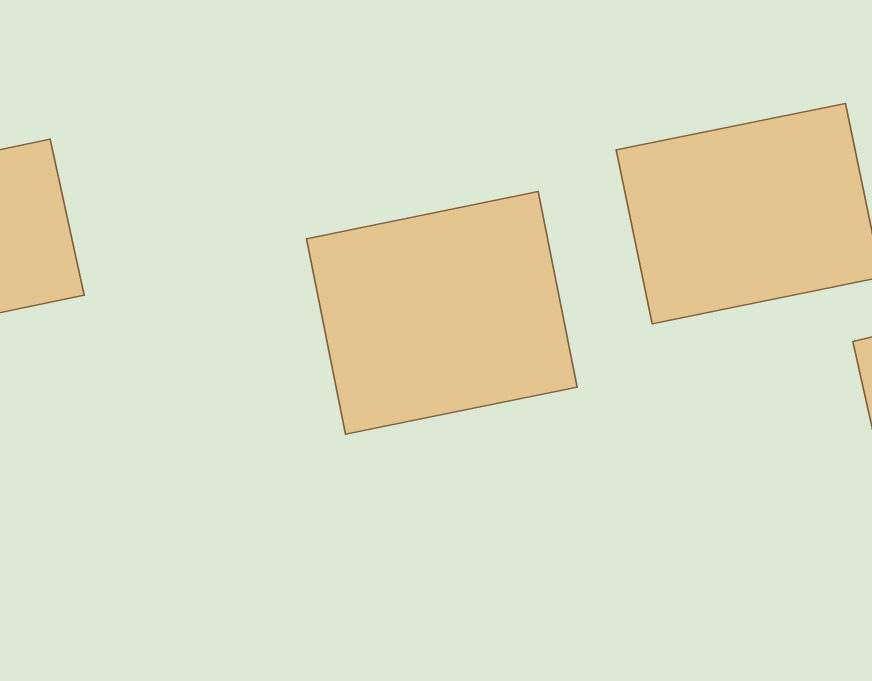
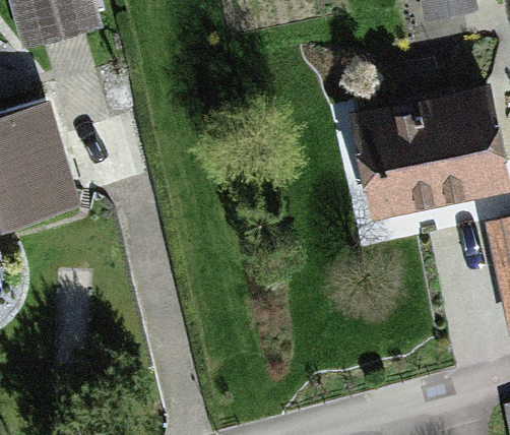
building: [306,192,577,434] -> none

